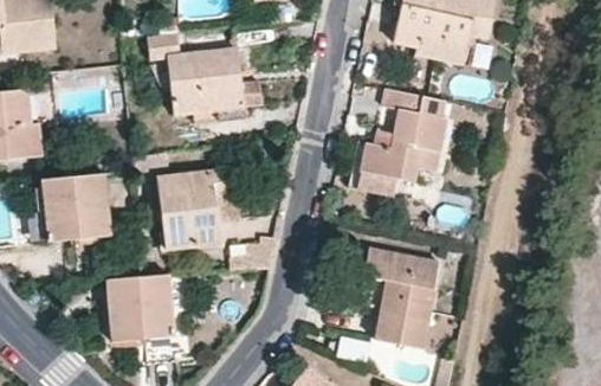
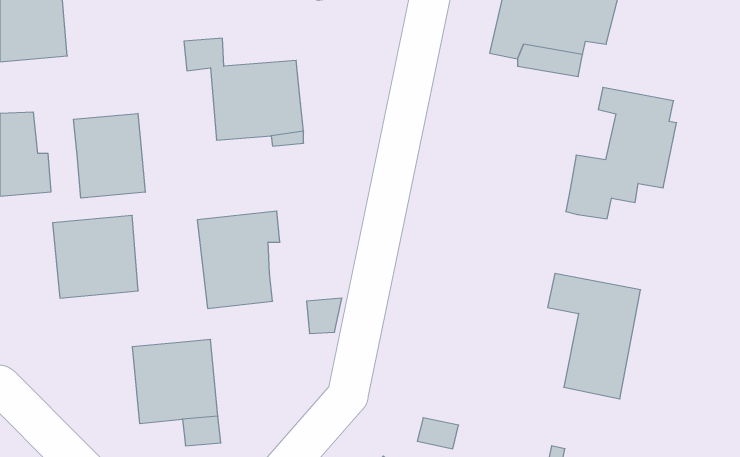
building: [358,89,447,194] -> [566,87,677,219]
building: none -> [74,113,145,198]
building: [363,249,438,349] -> [548,273,641,399]

